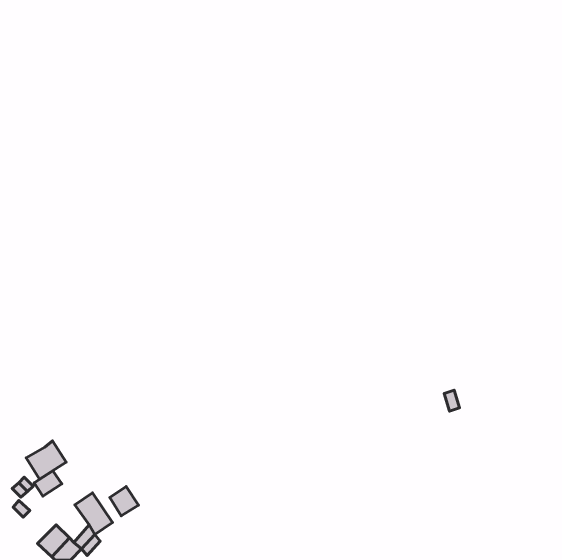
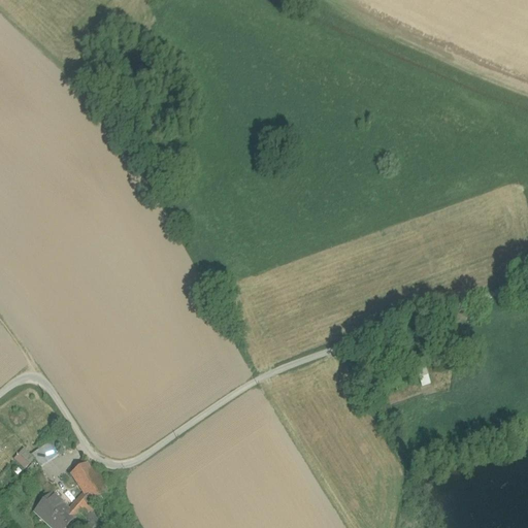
building: [26,441,66,479] -> none
building: [110,487,139,516] -> none

